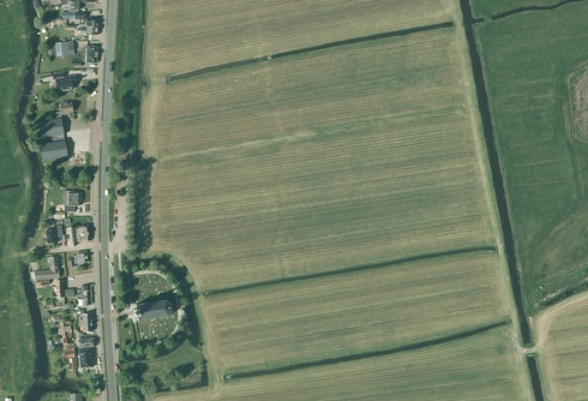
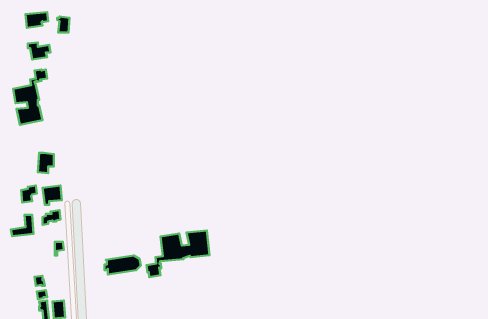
building: none -> [146,230,209,277]

